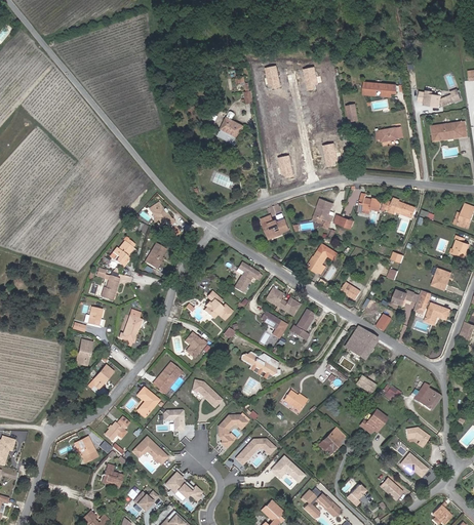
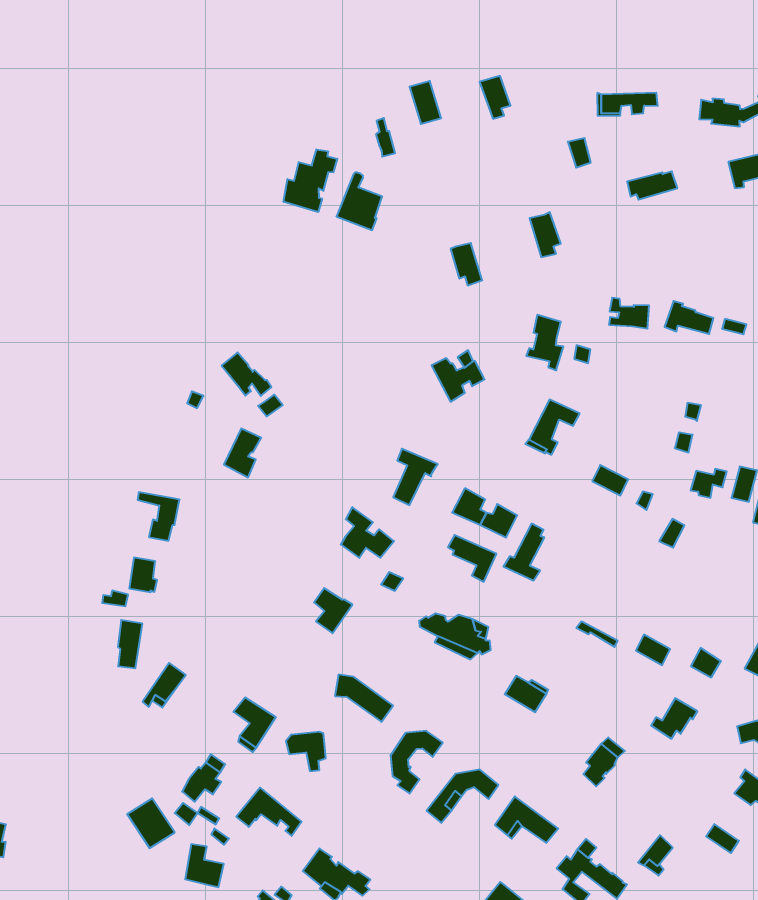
building: none -> [284,149,337,212]
building: [109,236,134,268] -> none
building: [119,310,146,341] -> none
building: [345,327,376,359] -> none
building: [153,363,182,394] -> none

